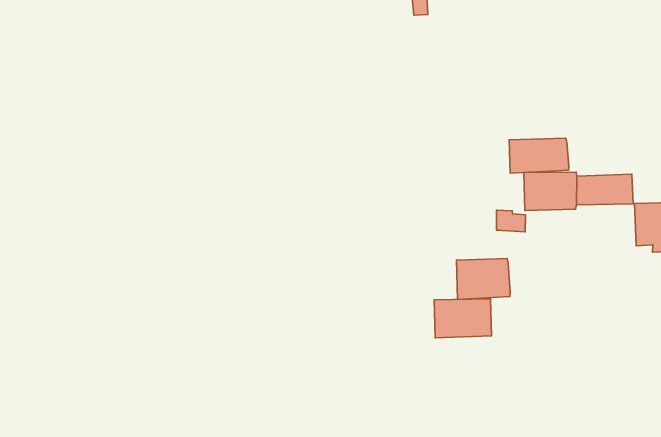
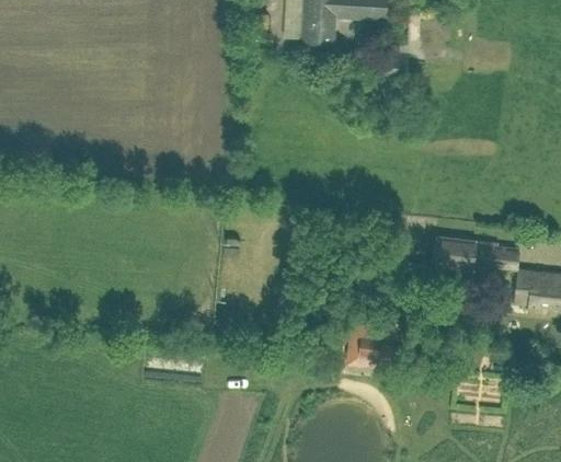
building: [509,138,569,173] -> none
building: [456,259,510,299] -> none

